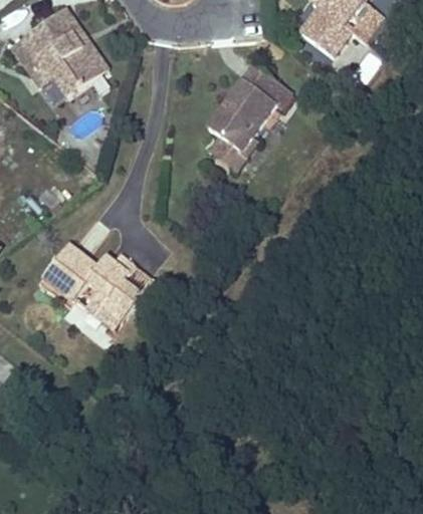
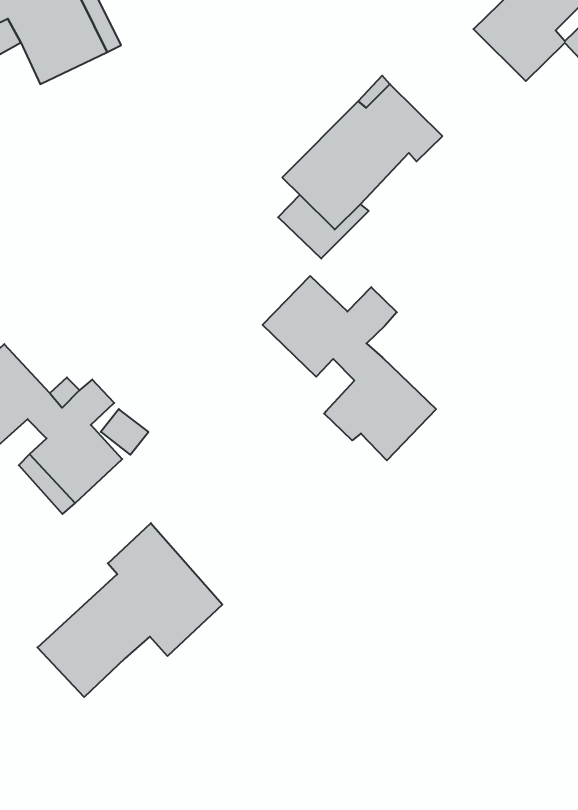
building: none -> [263,276,436,460]
building: none -> [37,523,222,697]

